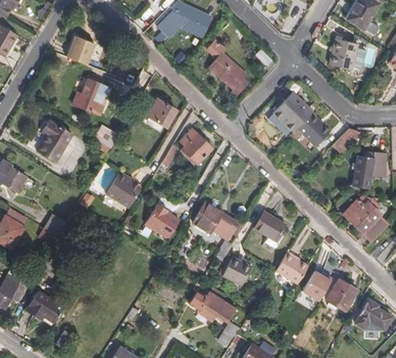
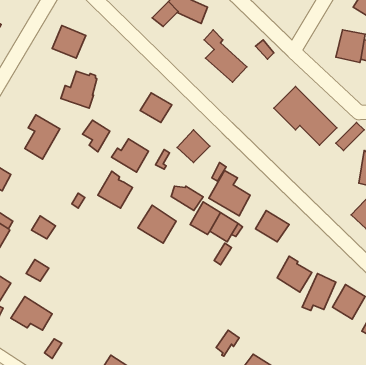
building: none -> [111,139,149,172]
building: none -> [209,170,250,216]
building: none -> [171,186,203,211]
building: [221,256,251,284] -> none
building: [189,289,230,320] -> none

